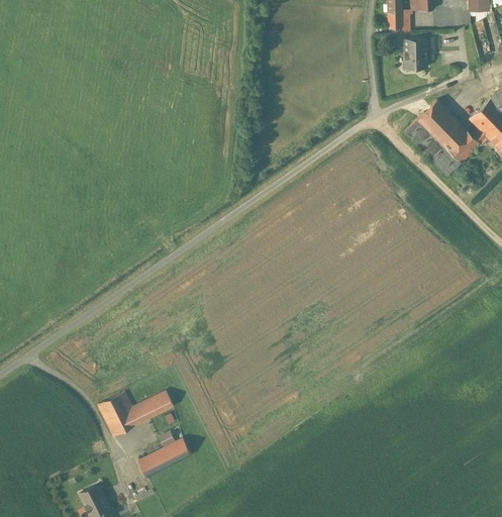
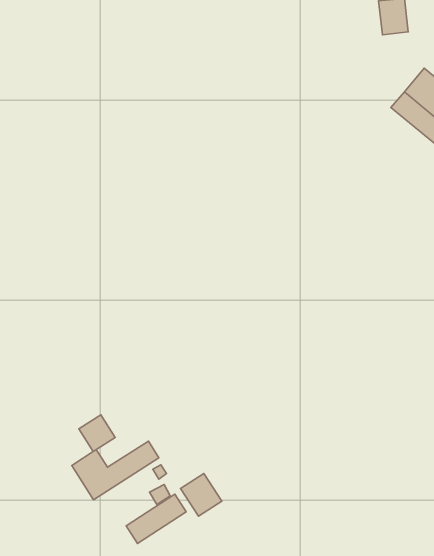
building: none -> [79,415,115,451]
building: none -> [181,473,222,516]

